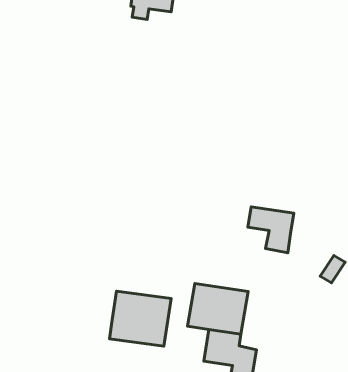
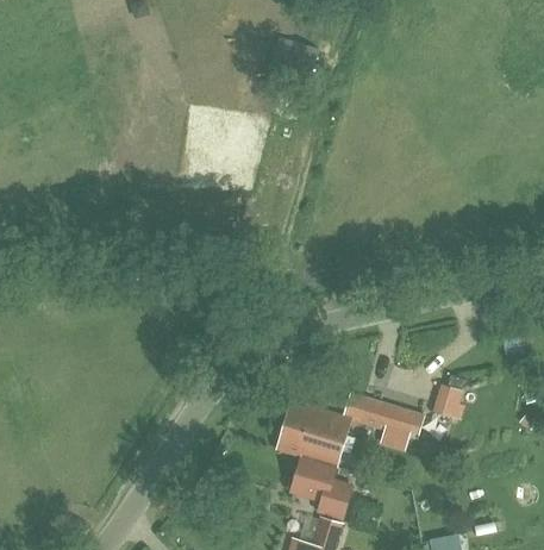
building: [248,207,294,253] -> [359,398,414,456]
building: [109,291,171,346] -> none

